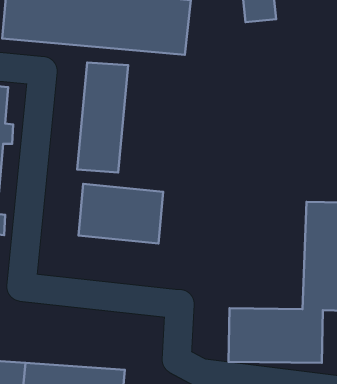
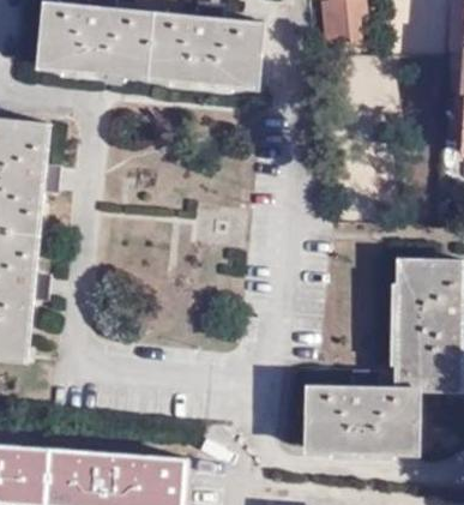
building: [77,62,128,172] -> none
building: [78,184,163,244] -> none

